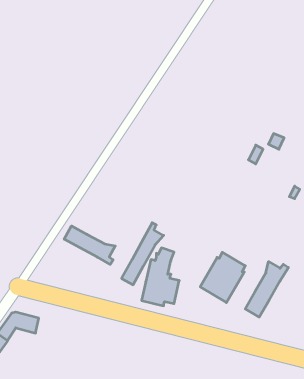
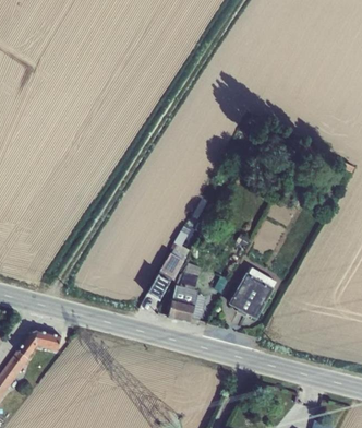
building: [64,226,115,264] -> none
building: [245,262,288,317] -> none

